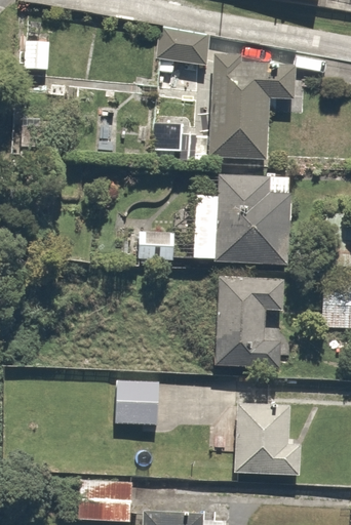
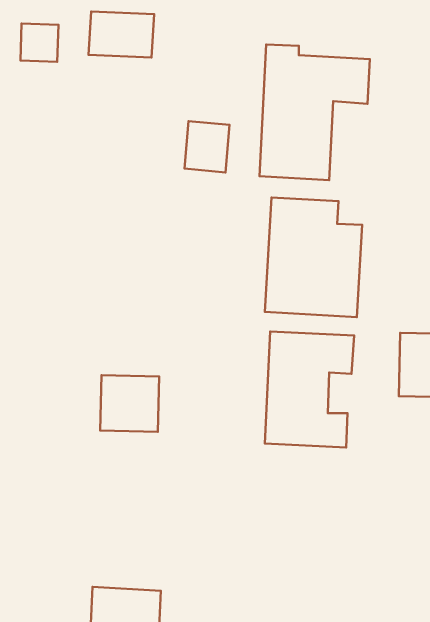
building: [160,26,211,62] -> [88,12,154,58]
building: [115,380,161,425] -> [100,375,159,432]
building: [233,403,301,477] -> none

